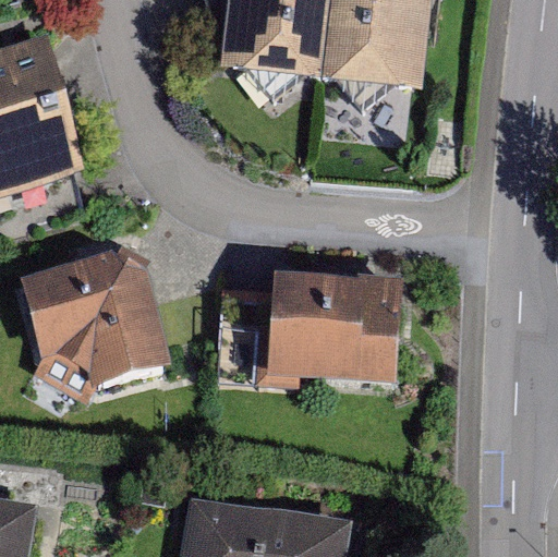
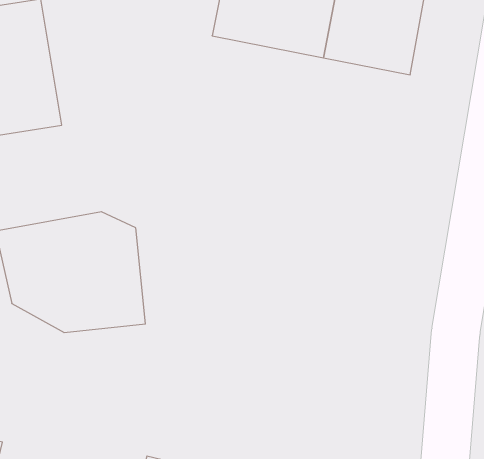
building: [259,276,405,372] -> none

